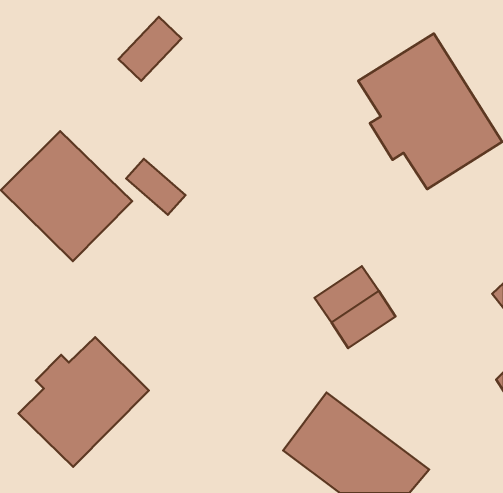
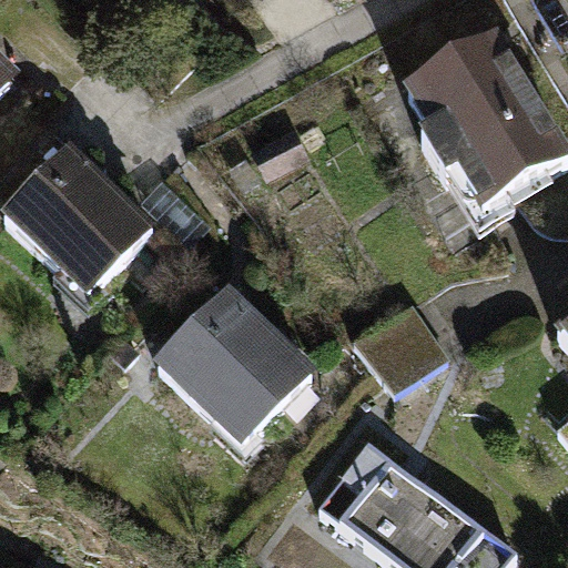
building: none -> [158,293,307,443]
building: [19,337,149,467] -> none

